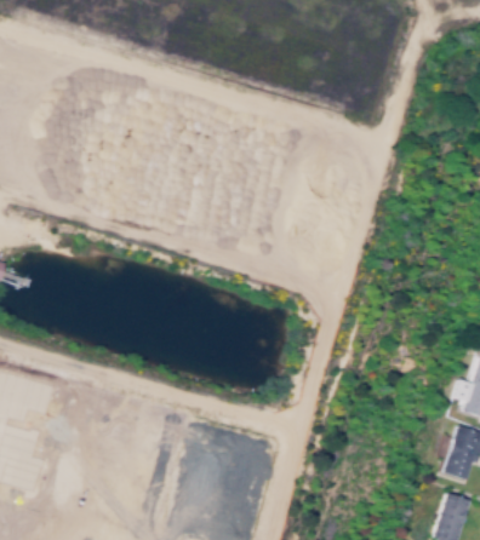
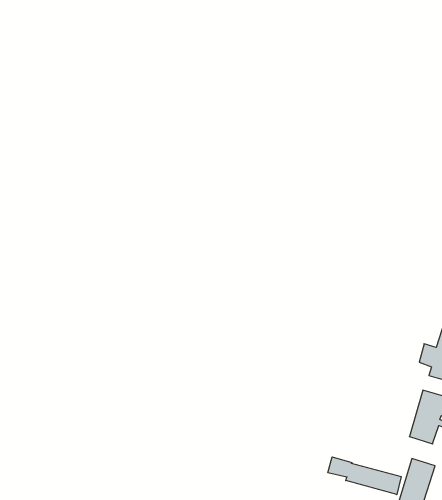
building: none -> [328,457,401,495]

